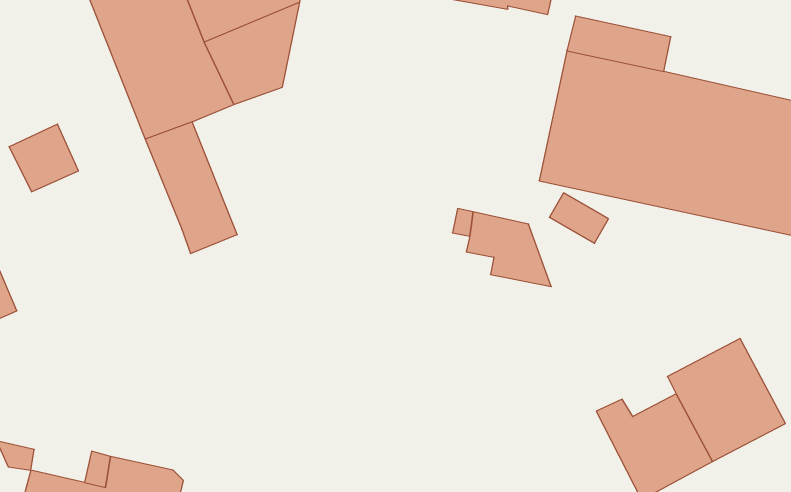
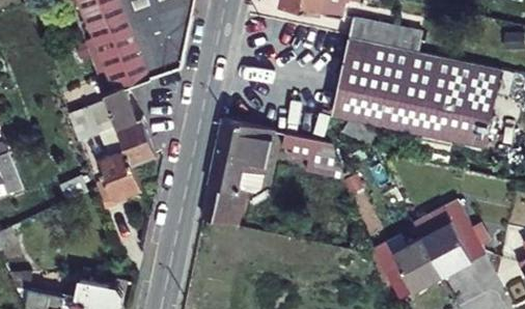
building: [9,124,78,192] -> [70,100,111,140]
building: none -> [203,119,275,236]
building: none -> [93,144,137,195]

